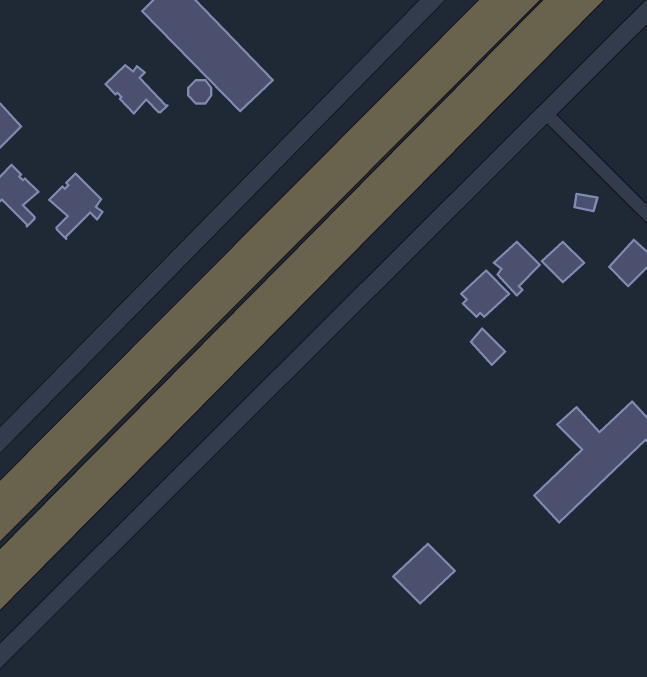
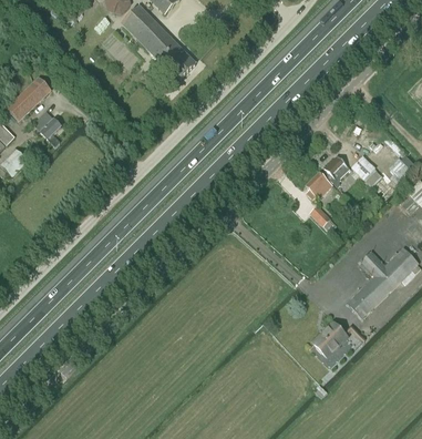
building: [106,65,168,113] -> none
building: [49,174,103,239] -> none
building: [393,544,455,604] -> [311,321,347,356]

